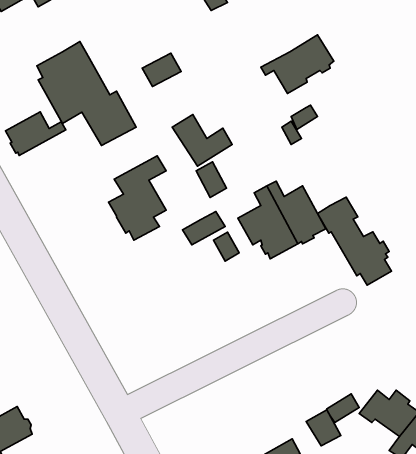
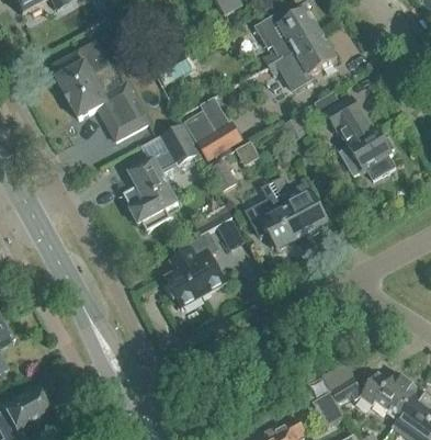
building: none -> [254,7,321,65]
building: [6,112,66,156] -> none
building: none -> [160,121,199,163]
building: [317,197,391,285] -> [326,94,396,178]
building: none -> [166,242,227,307]

